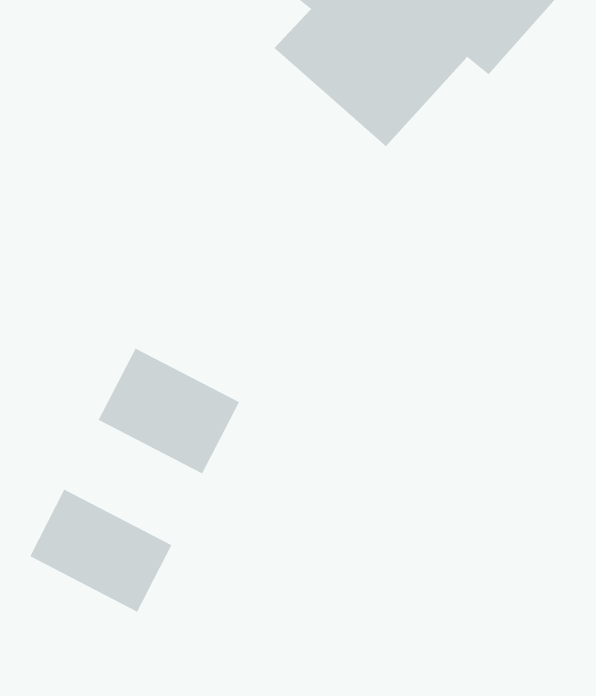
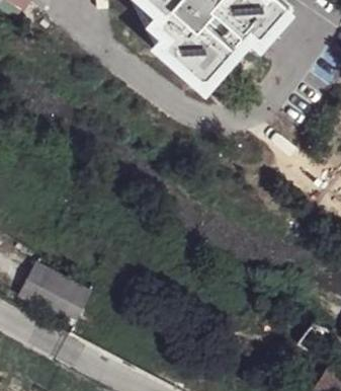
building: [97,347,240,475] -> none

